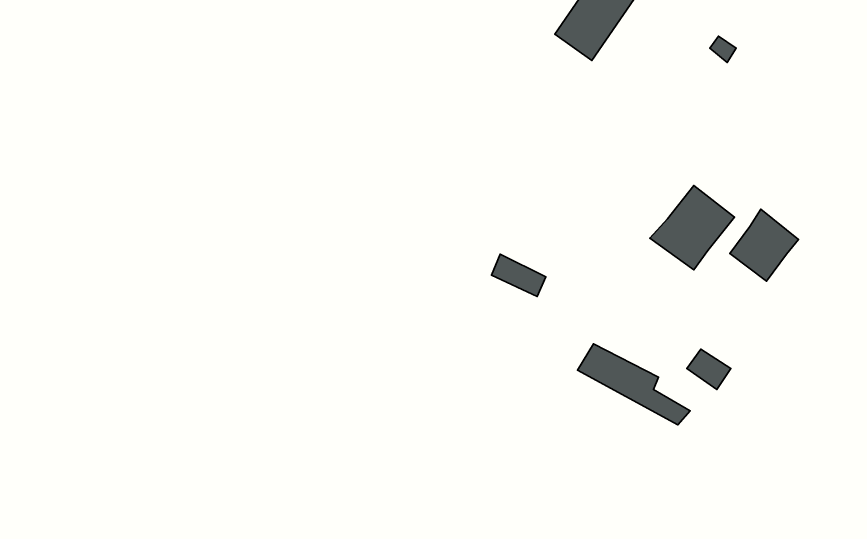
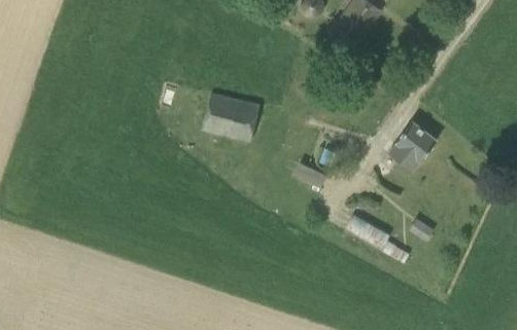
building: none -> [202,93,260,141]
building: [730,209,799,281] -> none

